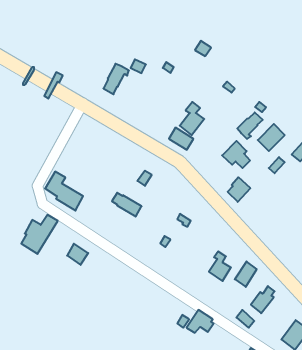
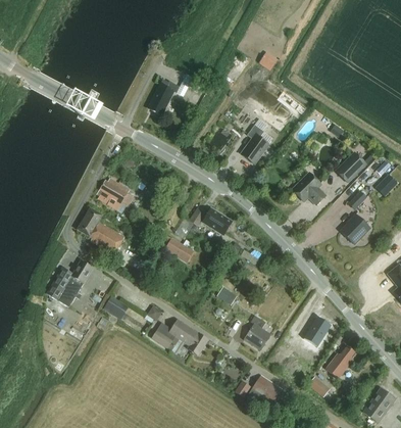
building: [237,112,263,139] -> none
building: [169,128,193,150] -> [202,208,232,235]
building: none -> [96,178,134,209]
building: [228,177,250,202] -> [340,213,367,243]
building: [209,251,231,281] -> [244,316,270,351]
building: none -> [152,319,208,355]

